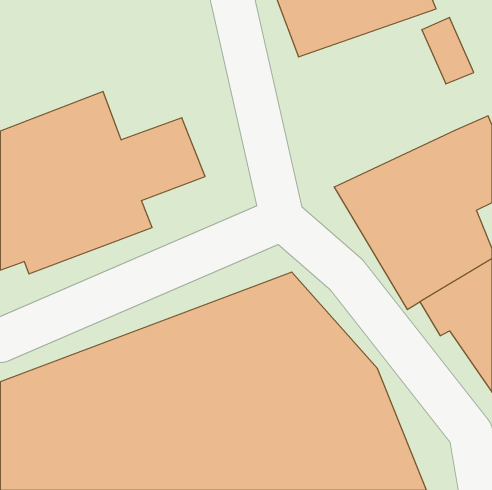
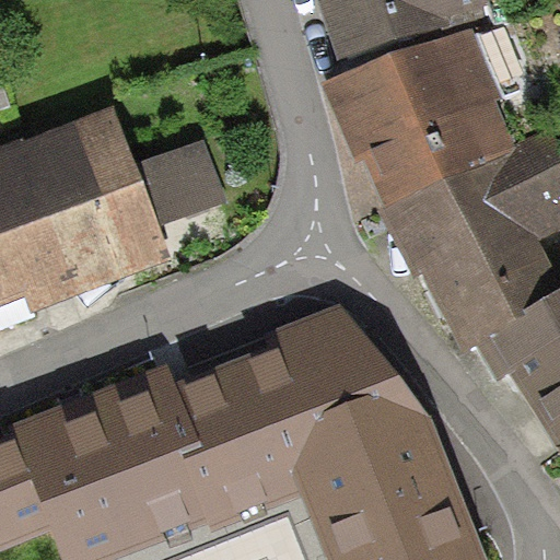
building: none -> [322,32,517,212]

